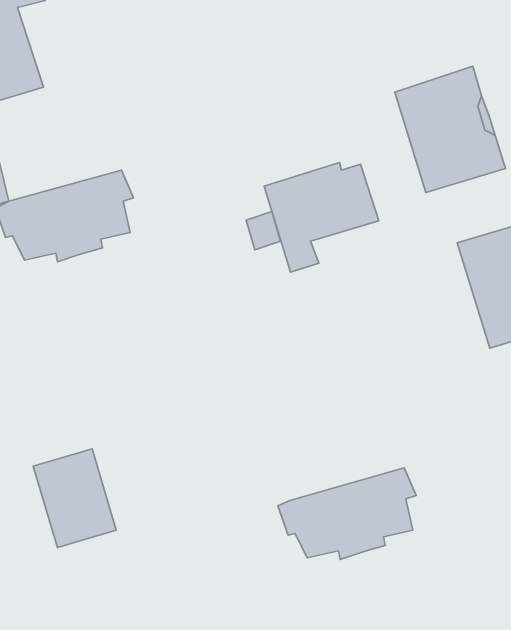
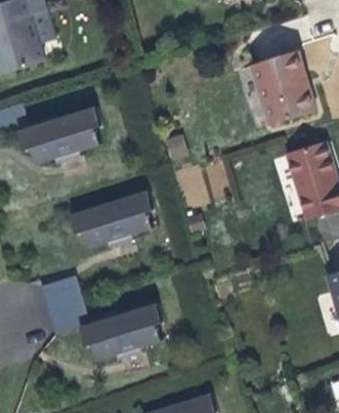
building: [264,163,379,272] -> none
building: none -> [72,192,154,246]
building: [278,468,416,559] -> [80,304,162,359]

